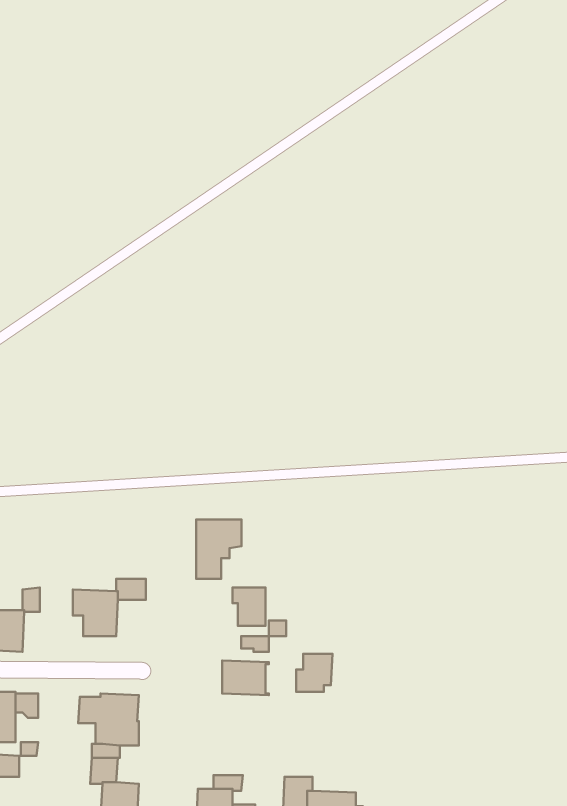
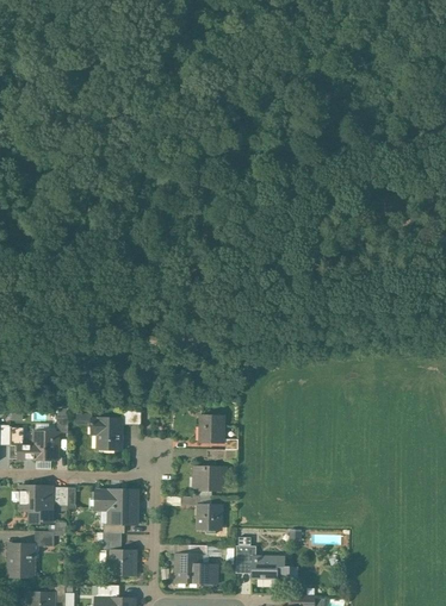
building: [196,520,241,579] -> none
building: [296,654,333,692] -> [197,504,222,530]

